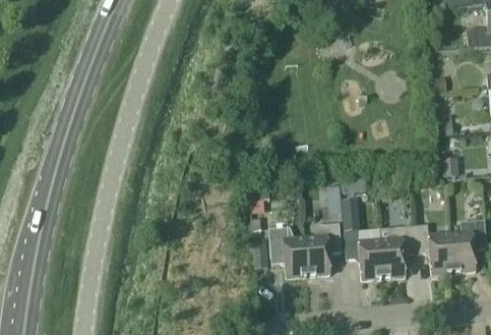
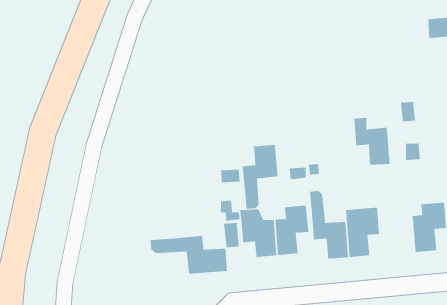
building: none -> [242,144,278,210]
building: [414,223,452,273] -> [354,118,390,165]
building: none -> [150,235,228,275]

